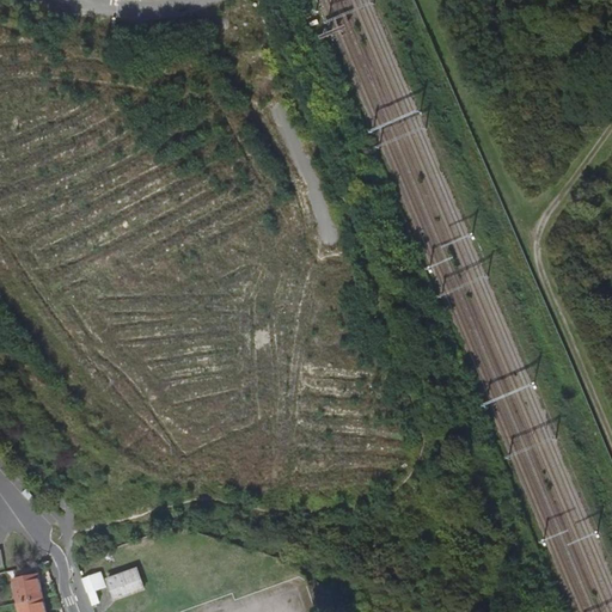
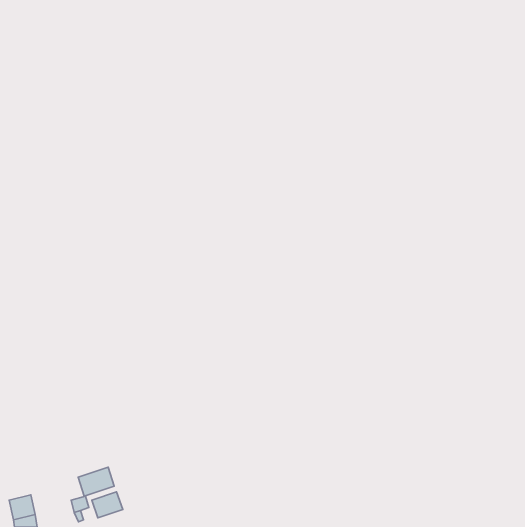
building: none -> [78,467,114,496]

